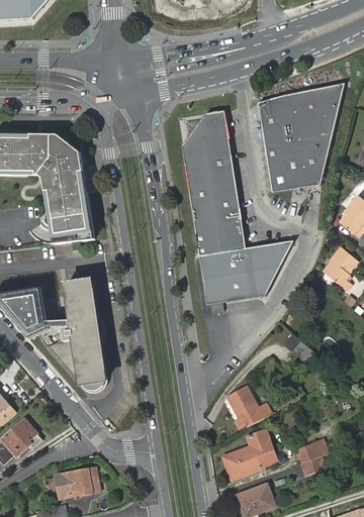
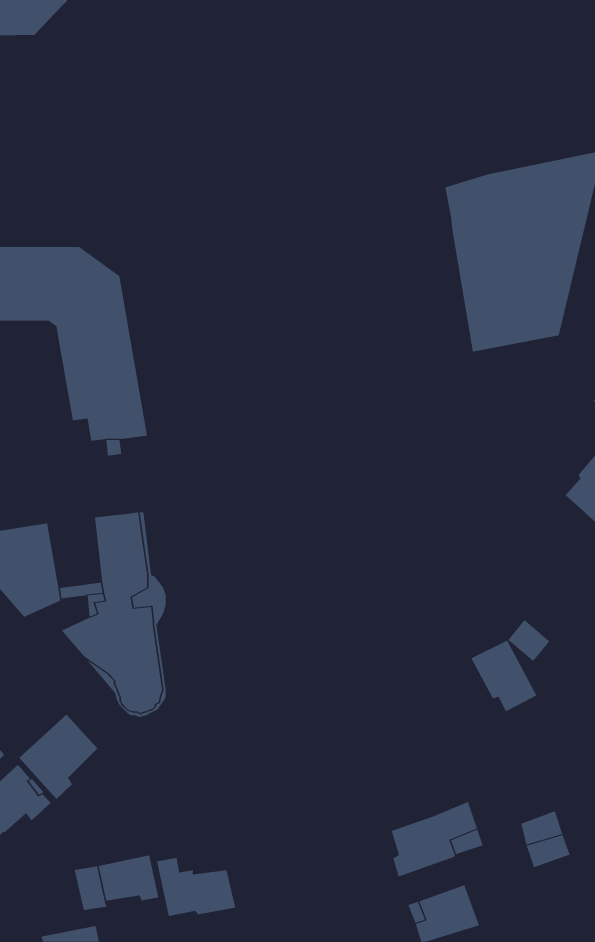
building: [175,111,292,304] -> none
building: [230,386,266,425] -> [470,640,537,712]
building: none -> [18,714,98,800]
building: none -> [156,857,236,917]

